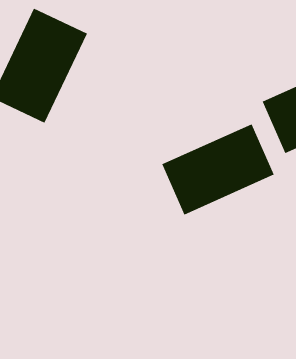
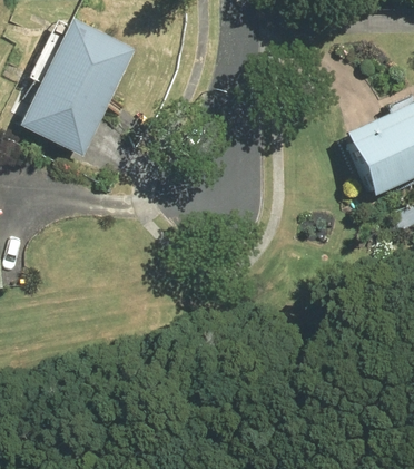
building: [161,123,275,215] -> none

